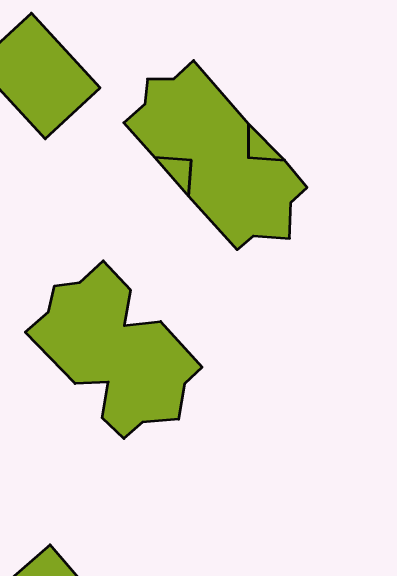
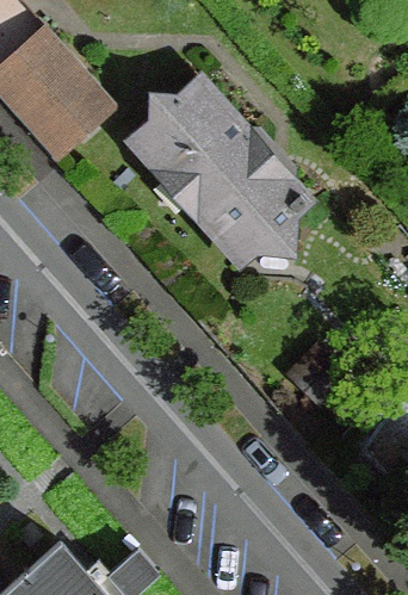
building: [25,261,202,439] -> none

